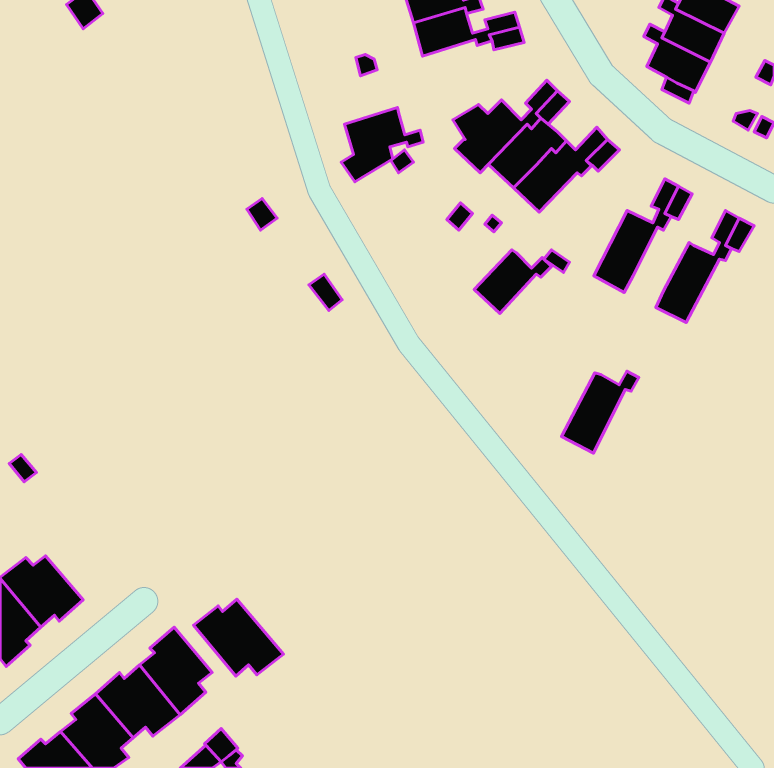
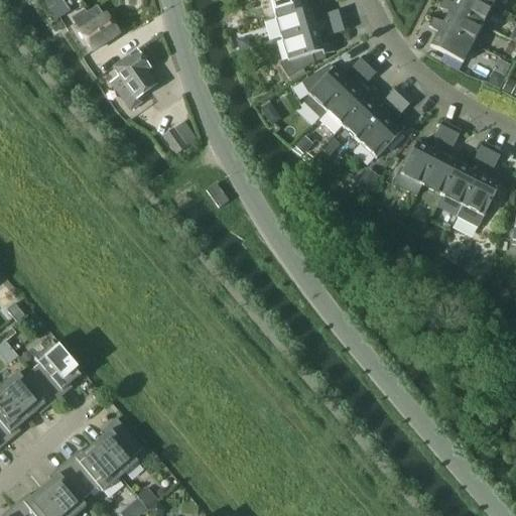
building: none -> [71,5,119,49]
building: none -> [110,48,156,109]
building: [341,107,423,182] -> [279,26,334,76]
building: none -> [421,150,467,194]
building: [474,250,551,314] -> [359,115,410,157]
building: [562,371,639,453] -> [457,171,508,226]
building: none -> [30,342,80,399]
building: [193,599,283,676] -> none

